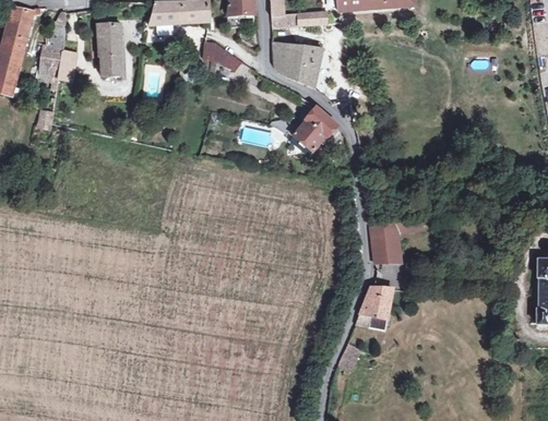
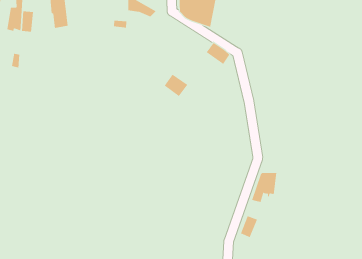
building: [293,120,325,152] -> [164,74,188,97]
building: [369,222,400,263] -> none

